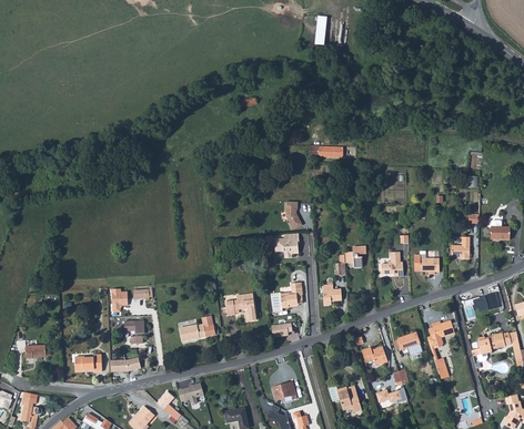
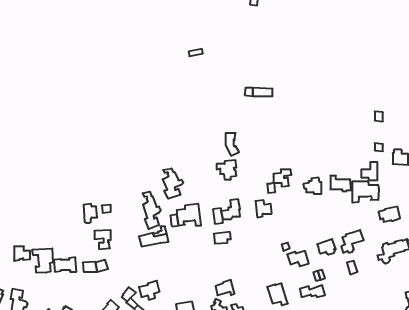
building: none -> [163,168,183,199]
building: none -> [352,181,379,203]
building: none -> [143,192,161,229]
building: none -> [32,248,53,273]

